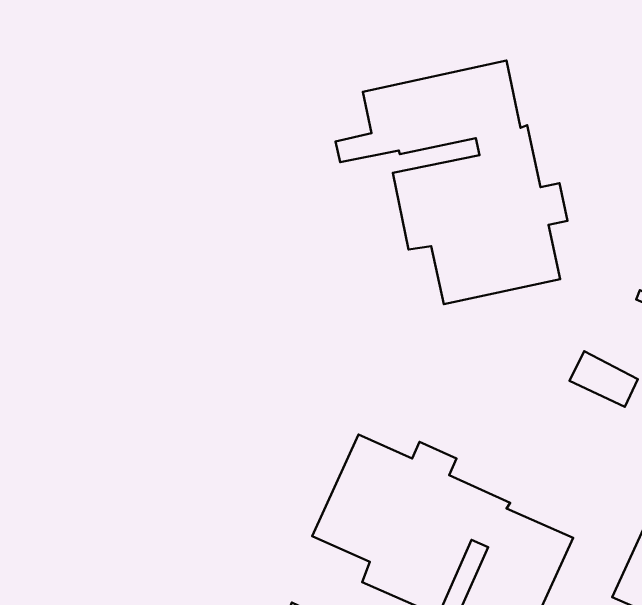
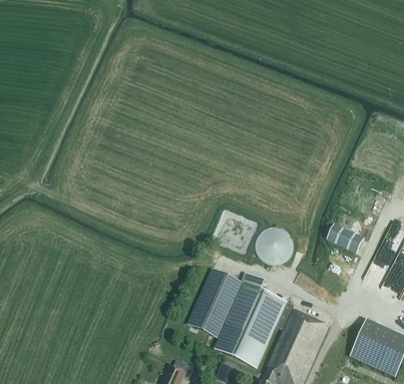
building: [336,60,568,304] -> none
building: none -> [258,225,297,265]

